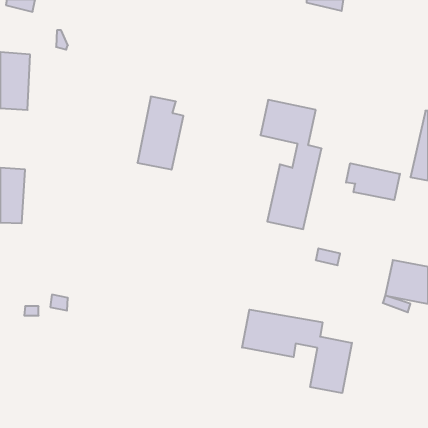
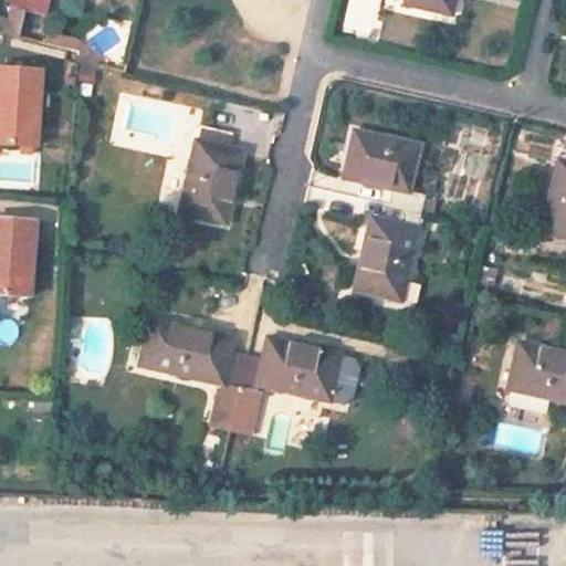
building: [346,163,400,200] -> none
building: none -> [139,319,359,436]
building: [242,310,352,393] -> none

